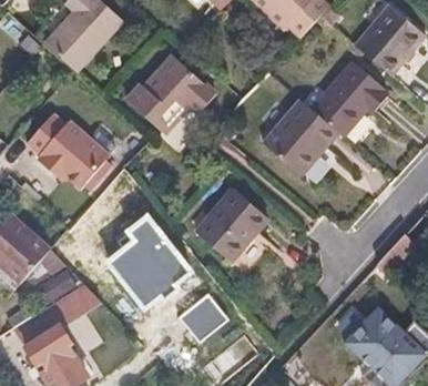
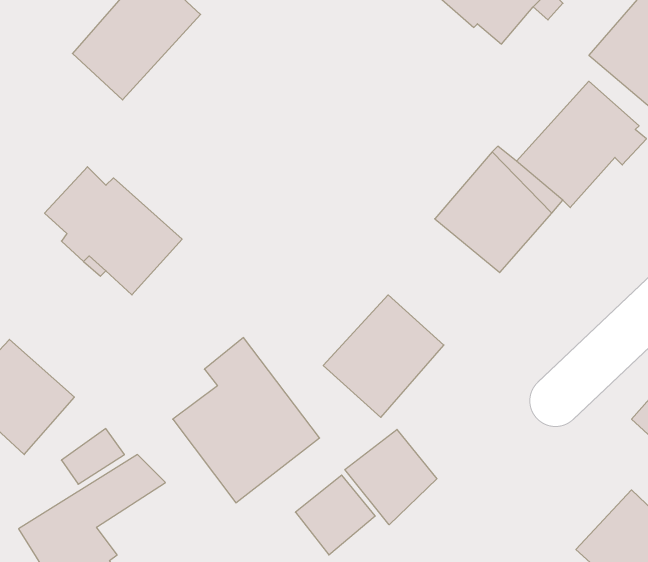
building: [126,55,215,134] -> none
building: none -> [345,429,437,525]

